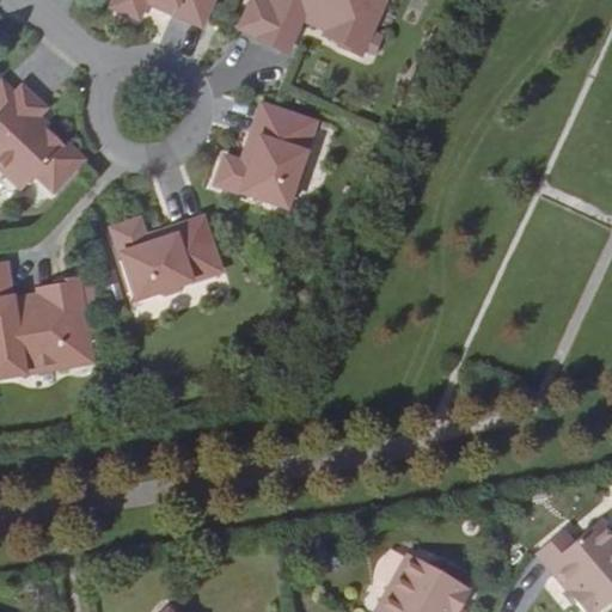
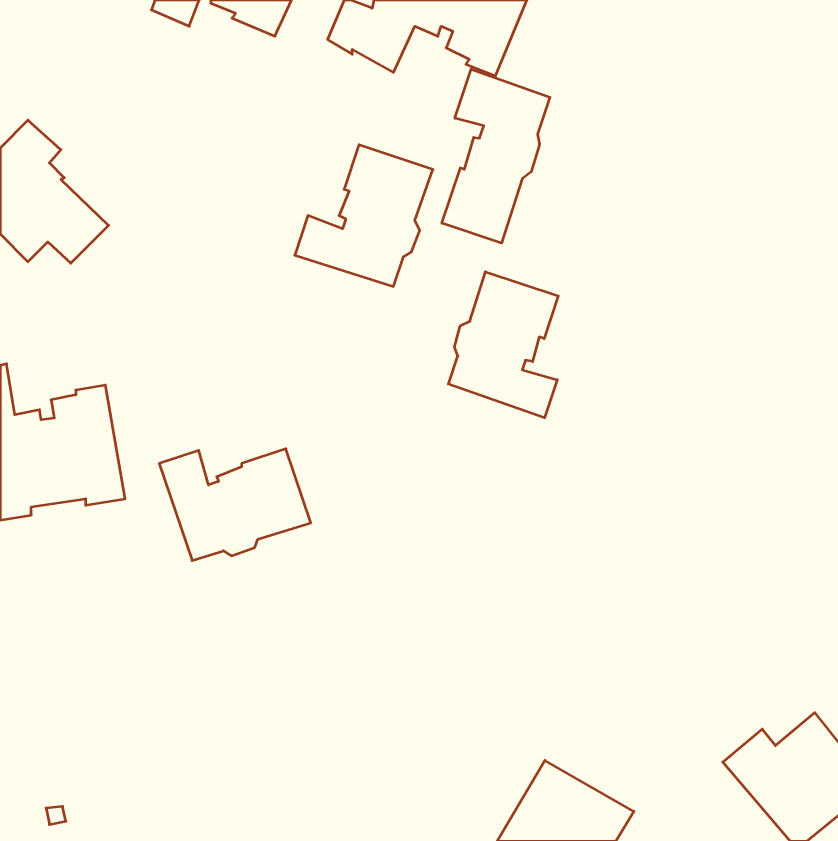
building: none -> [442,69,550,243]
building: none -> [448,272,558,418]
building: [112,219,222,300] -> [159,449,311,561]

